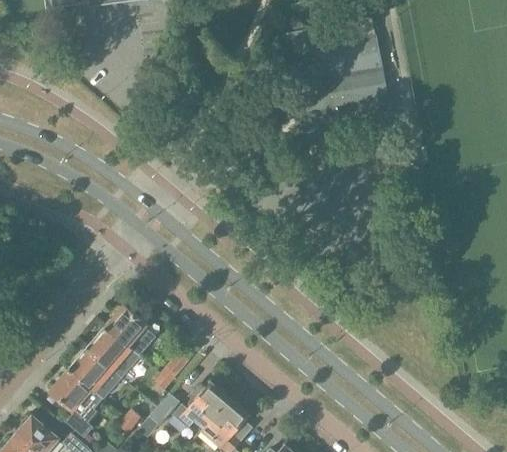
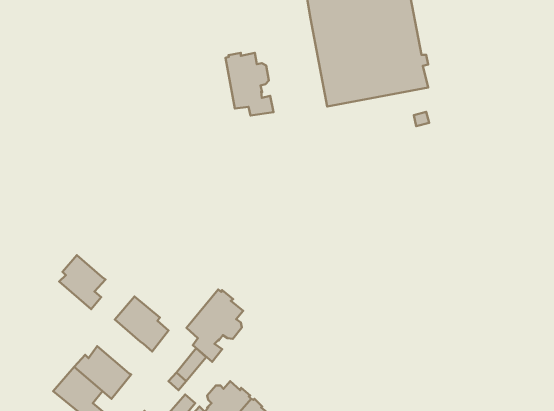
building: none -> [225,53,274,115]
building: none -> [187,289,243,362]
building: [90,326,132,375] -> [59,255,106,309]

